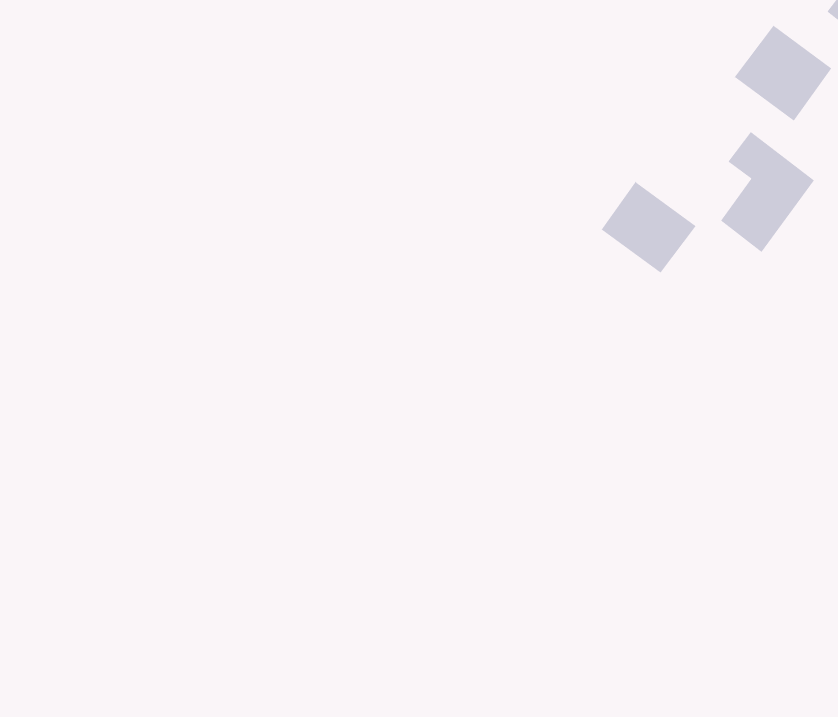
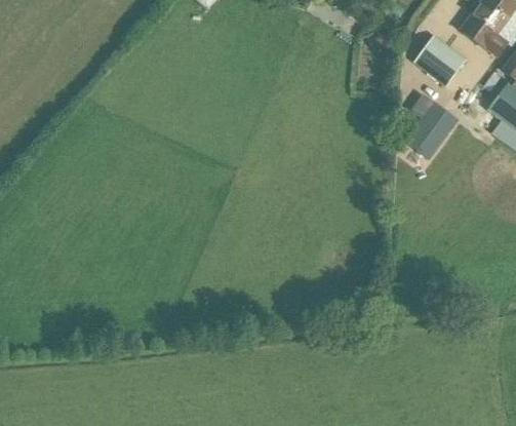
building: [601,180,697,274] -> none

